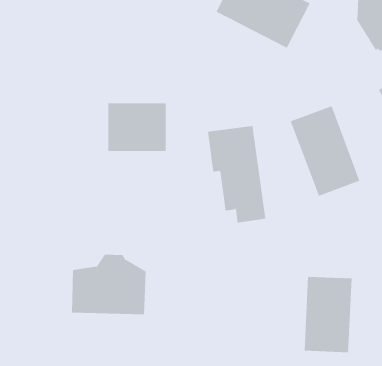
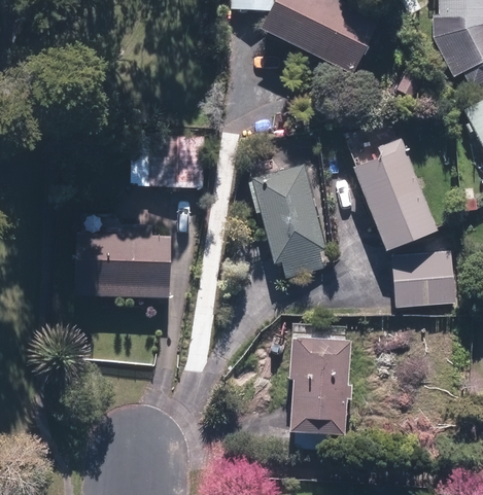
building: none -> [394,258,449,304]
building: [71,254,147,315] -> [79,222,169,294]
building: [304,276,352,353] -> [292,341,350,431]

